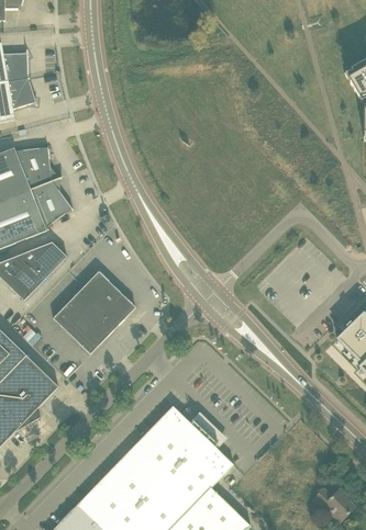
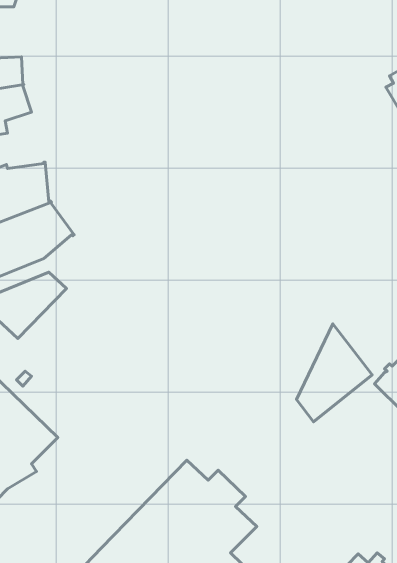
building: [53,270,135,352] -> none
building: none -> [296,324,372,422]

